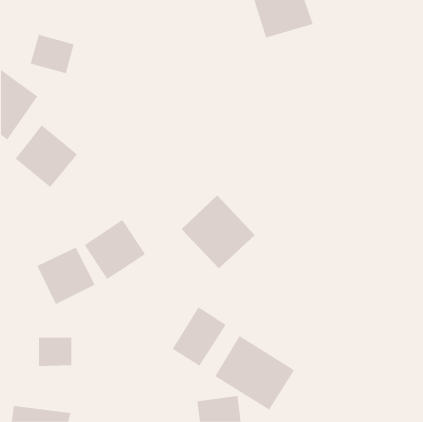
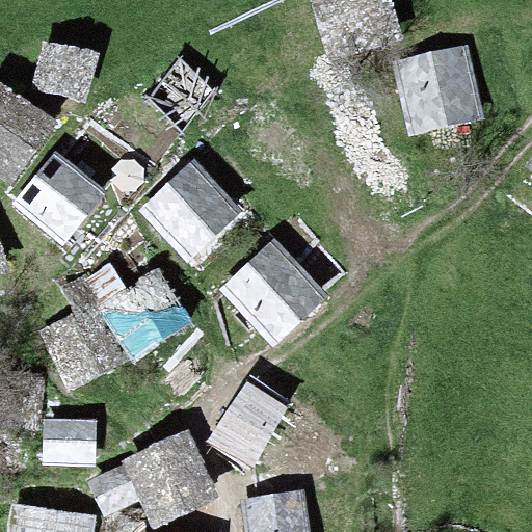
building: none -> [401,49,477,125]
building: none -> [149,165,234,250]
building: [214,335,295,410] -> none
building: none -> [92,435,211,520]

